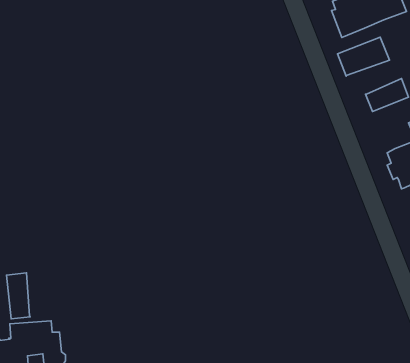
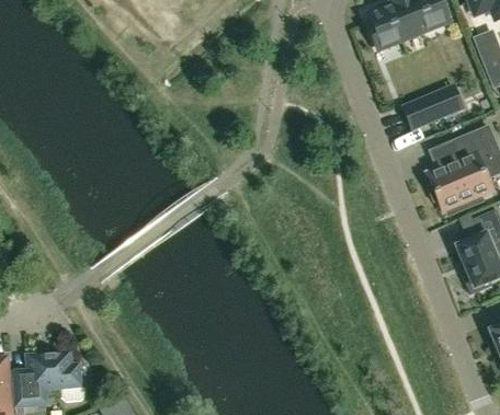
building: [338,37,389,76] -> none
building: [7,273,30,319] -> none

